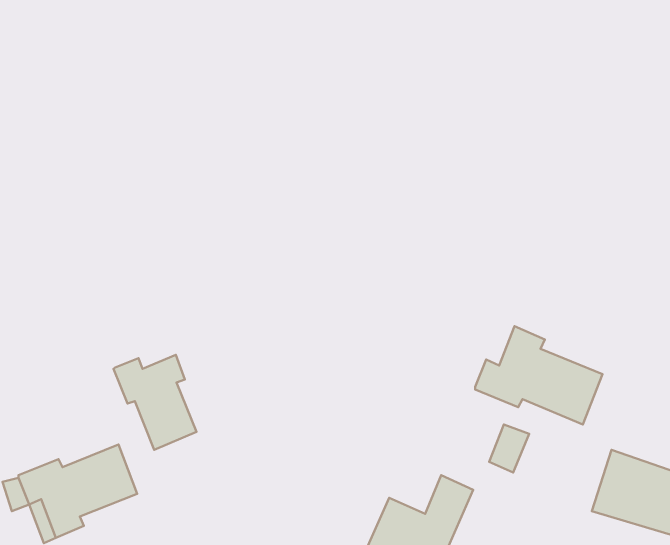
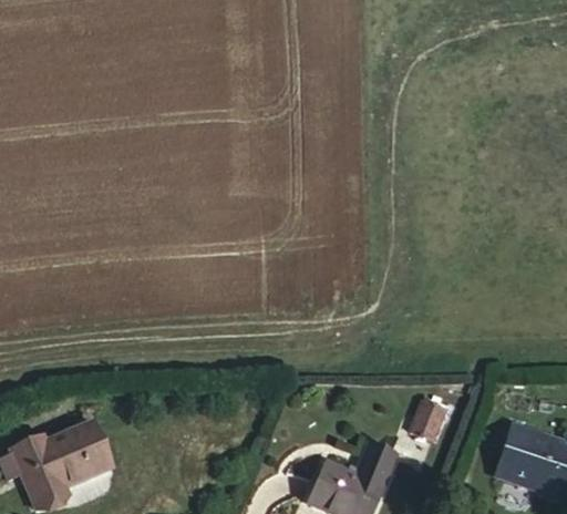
building: [475,326,602,424] -> none
building: [114,355,197,450] -> none

